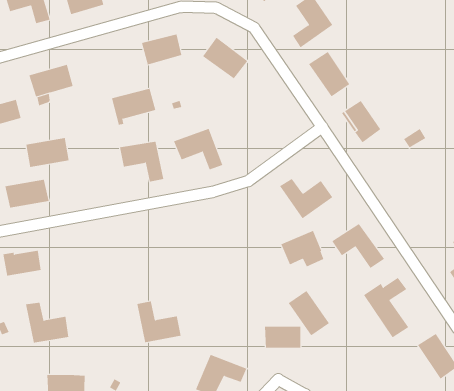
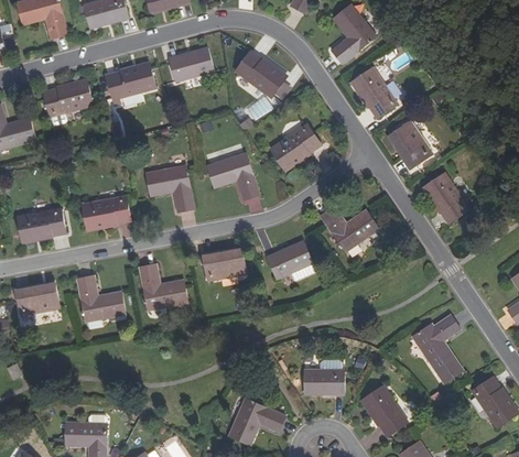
building: [111,88,156,125] -> [106,65,155,106]
building: none -> [269,122,321,168]
building: [25,137,69,167] -> [78,195,127,228]
building: none -> [423,171,469,222]
building: none -> [202,251,246,280]
building: [332,223,385,269] -> none
building: [280,230,324,267] -> [267,240,315,281]
building: [288,290,330,336] -> [361,384,408,435]
building: [137,301,182,343] -> [138,263,187,309]
building: [25,302,69,343] -> [75,275,123,320]

